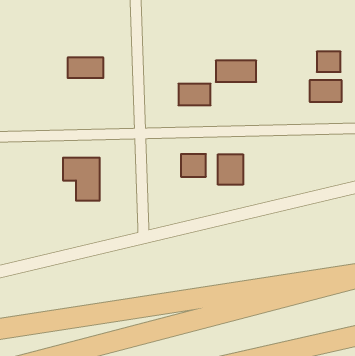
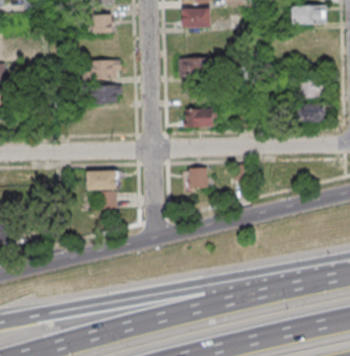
building: none -> [84,61,120,80]
building: [216,61,256,82] -> [179,58,213,76]
building: [218,154,243,185] -> none

